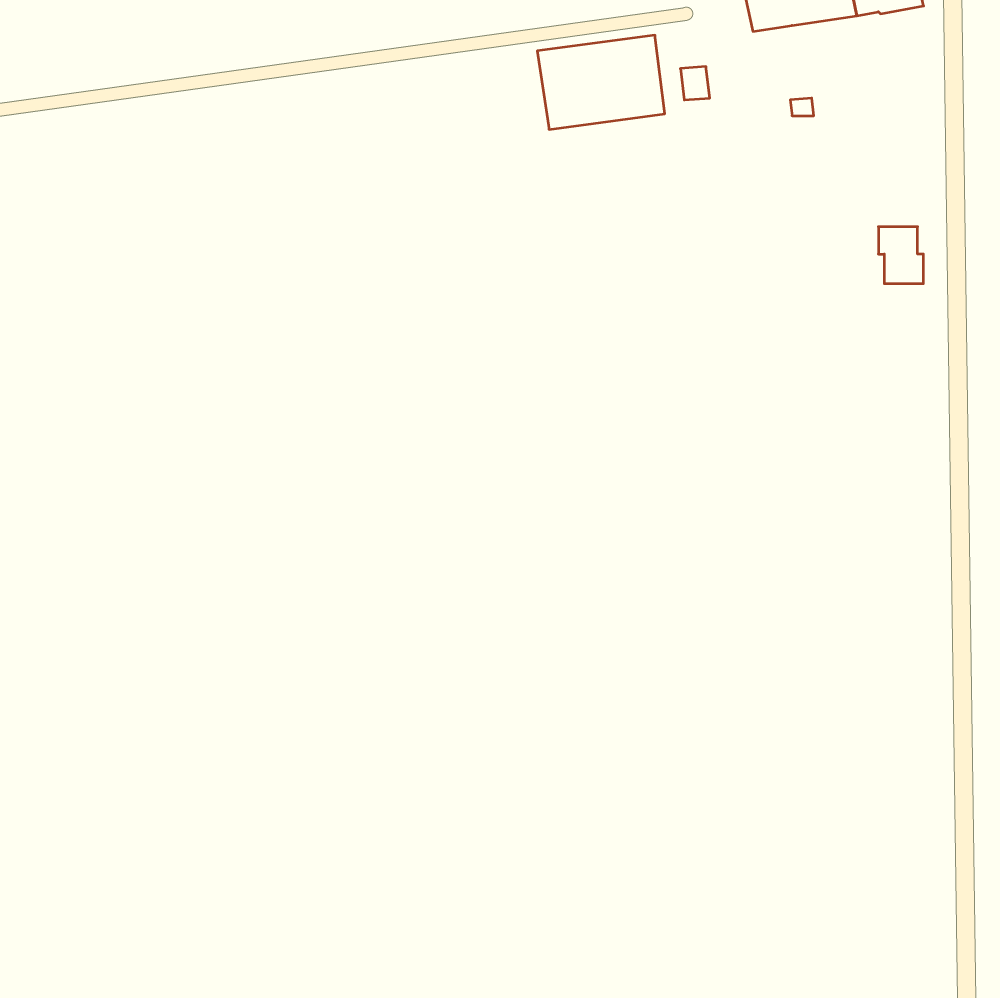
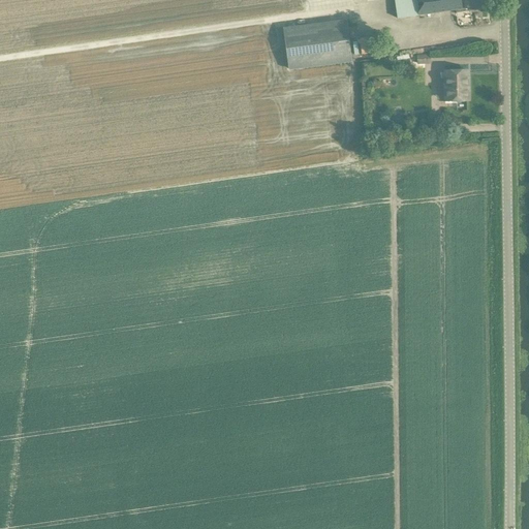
building: [878,227,923,284] -> [443,69,467,99]

